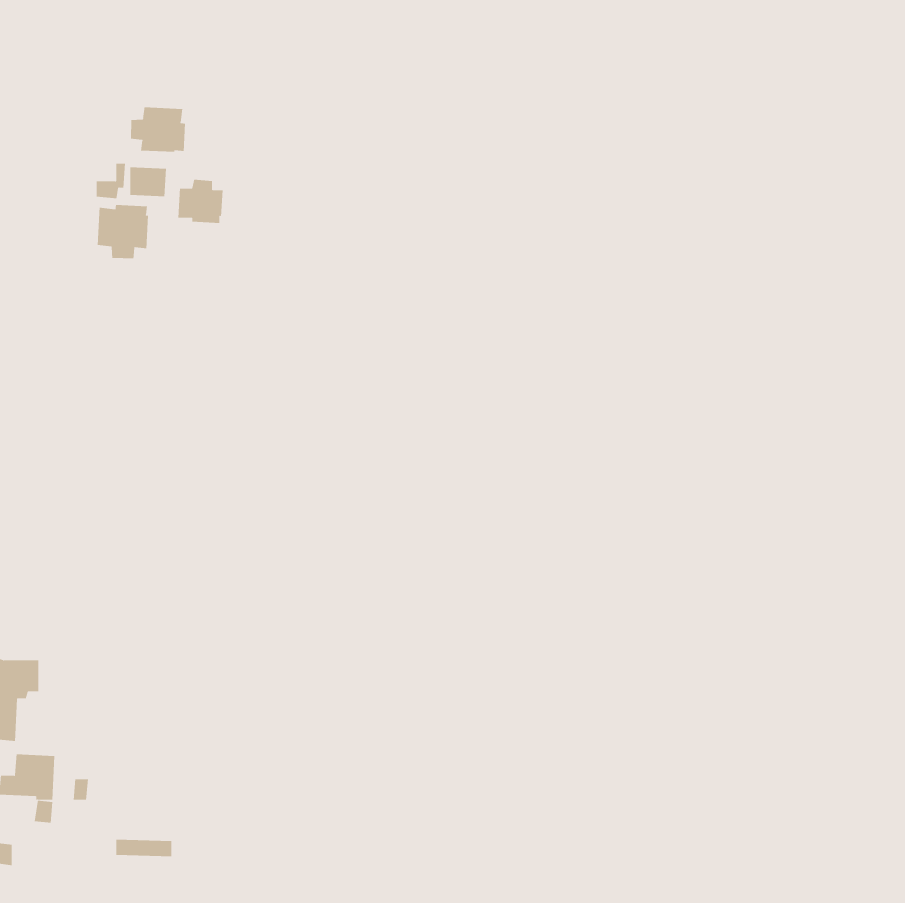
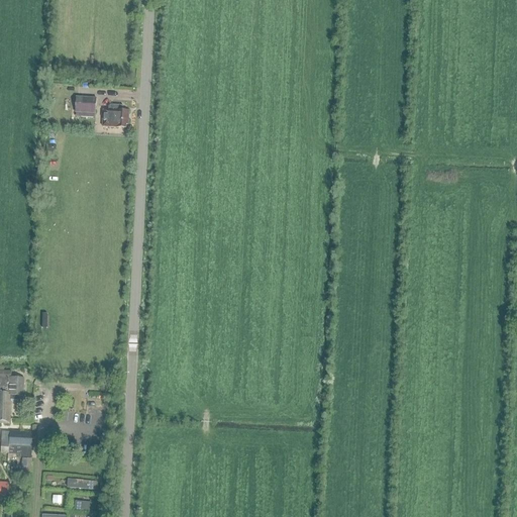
building: [131,106,186,153] -> none
building: [97,204,148,259] -> none

